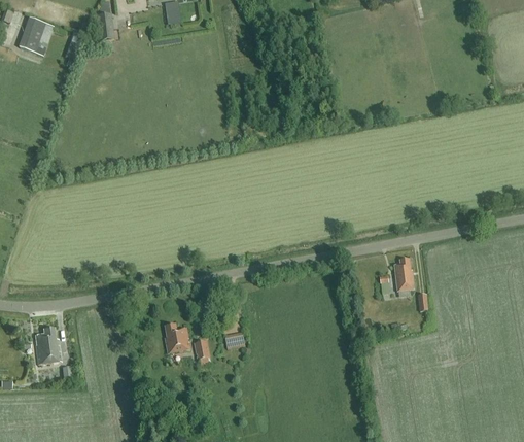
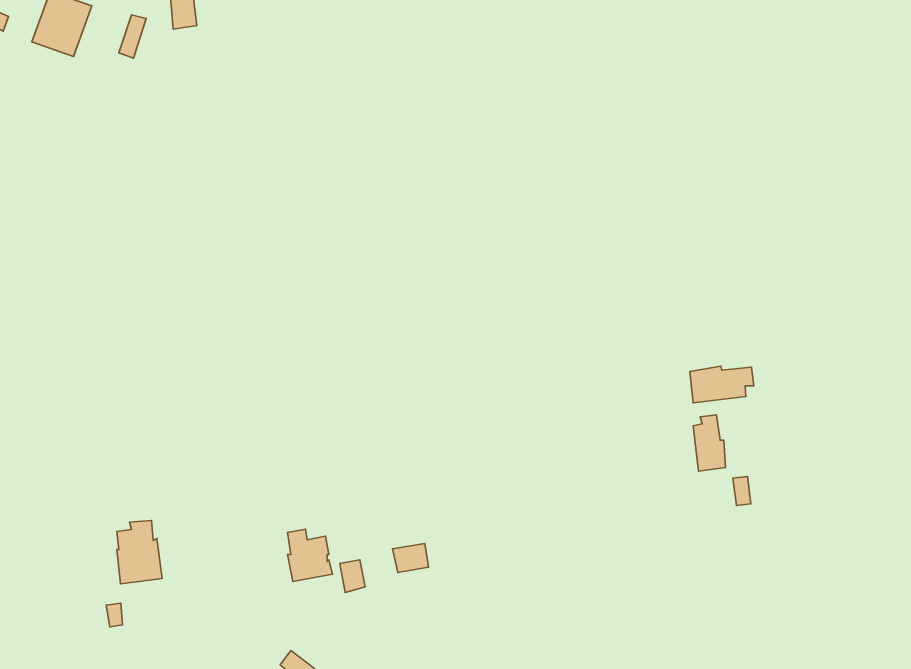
building: none -> [690,366,754,403]
building: [35,328,61,364] -> [117,520,162,584]

